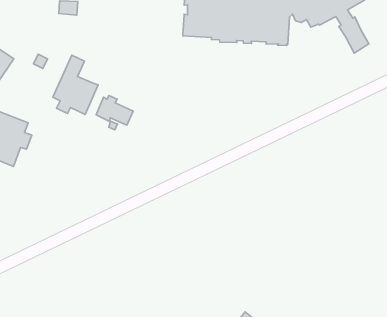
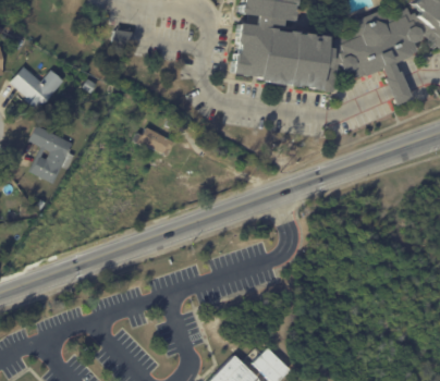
building: [53,55,98,114] -> none

